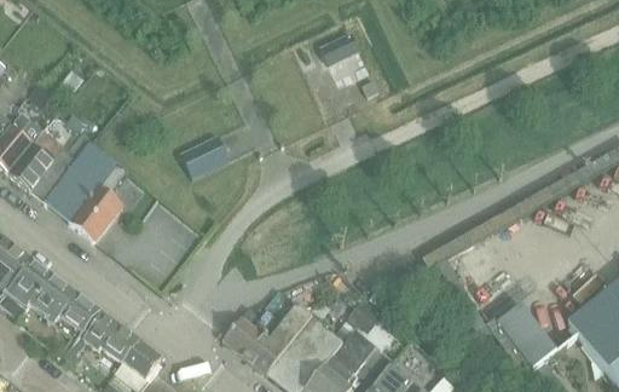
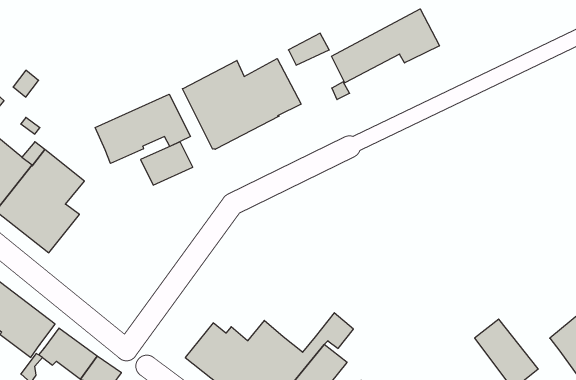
building: none -> [332,9,439,83]
building: none -> [182,59,301,149]
building: none -> [95,94,190,163]

